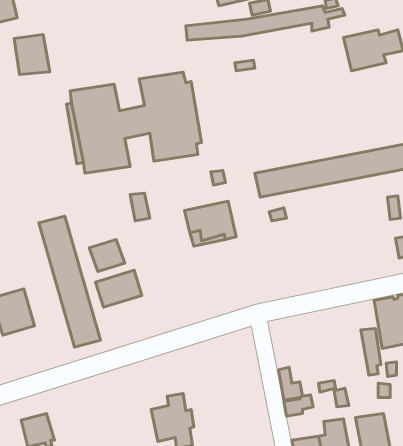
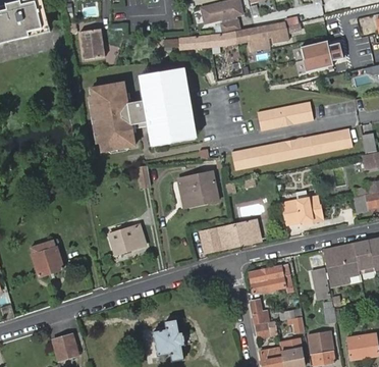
building: [14,35,50,74] -> [77,29,105,59]
building: none -> [257,100,313,129]
building: [39,216,100,347] -> none
building: none -> [279,194,323,224]
building: [89,239,125,272] -> none
building: none -> [202,218,261,249]
building: none -> [249,261,292,293]

